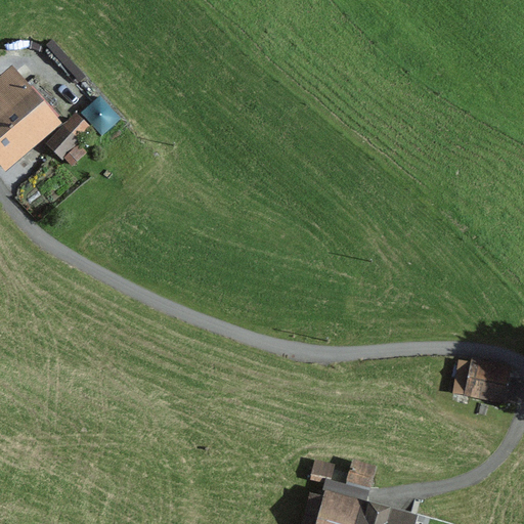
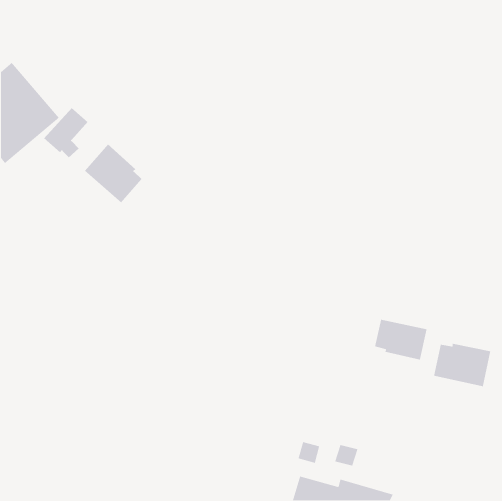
building: none -> [84,143,143,203]
building: none -> [374,319,427,360]

